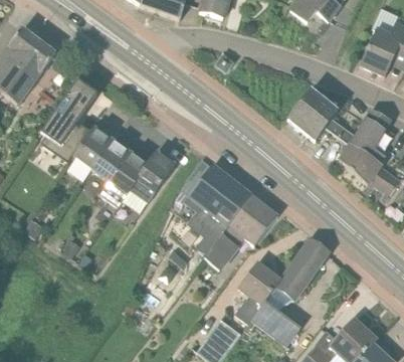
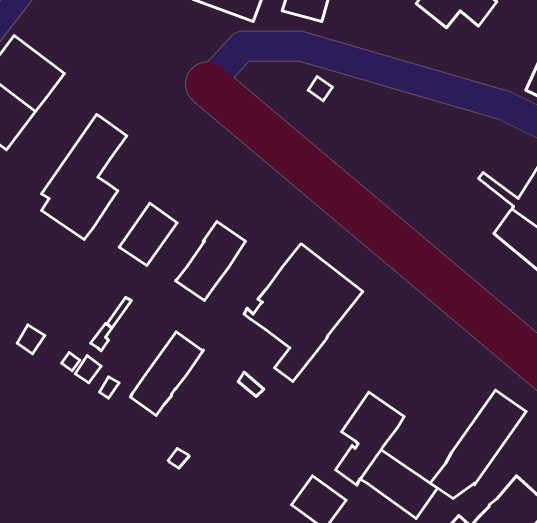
building: [287,88,352,144] -> none
building: [67,126,112,179] -> none
building: [99,151,148,206] -> [130,332,203,416]
building: [229,196,277,244] -> none
building: [205,235,238,269] -> none
building: [265,237,329,309] -> [430,390,526,498]

